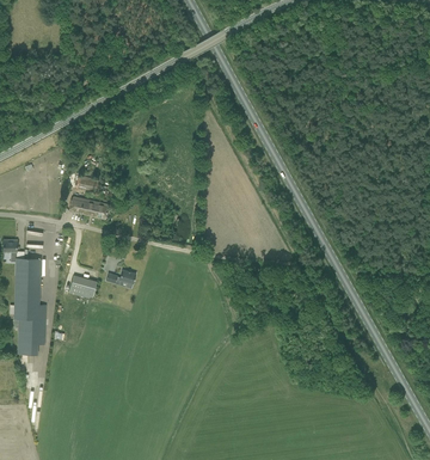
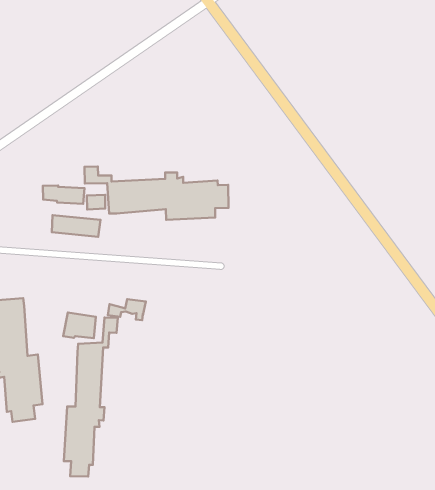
building: none -> [84,166,229,220]
building: none -> [64,318,118,476]

